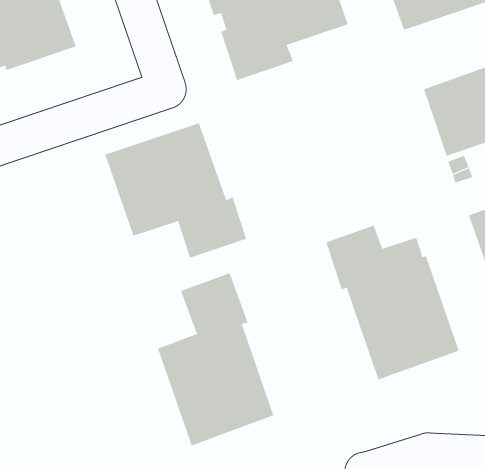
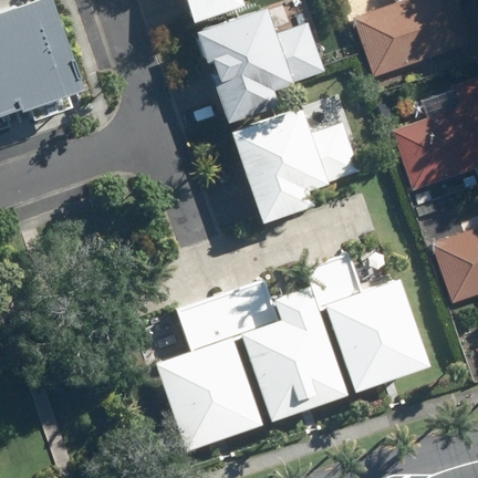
building: none -> [229,107,361,224]
building: [105,122,247,258] -> none
building: none -> [219,280,347,423]

